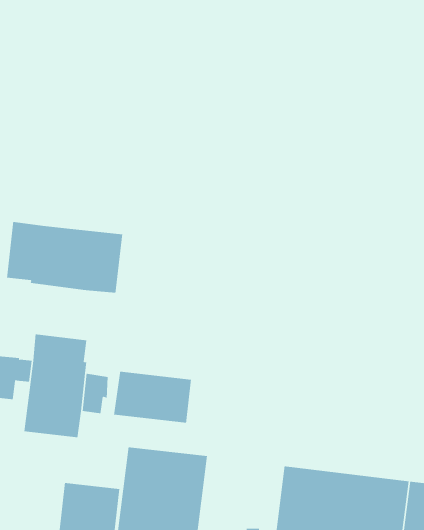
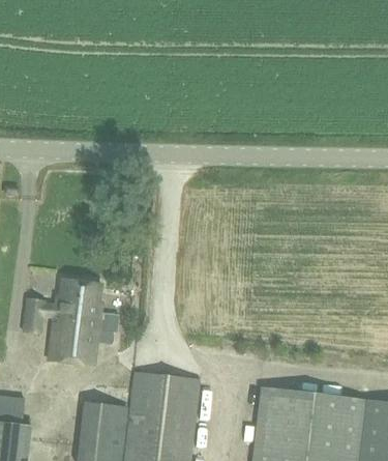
building: [7,221,123,294] -> none
building: [114,371,191,424] -> none

